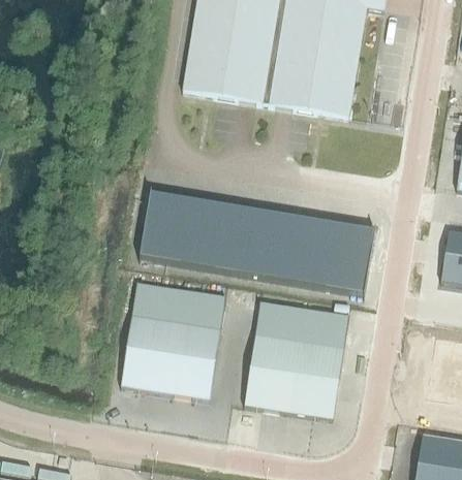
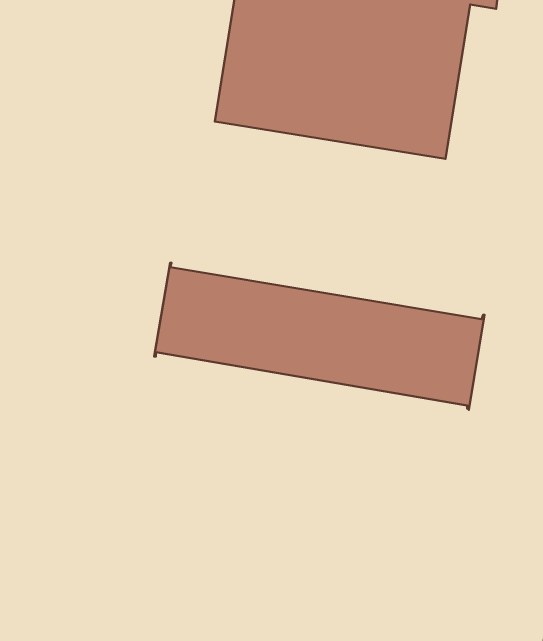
building: [121,283,226,399] -> none
building: [244,302,349,418] -> none

